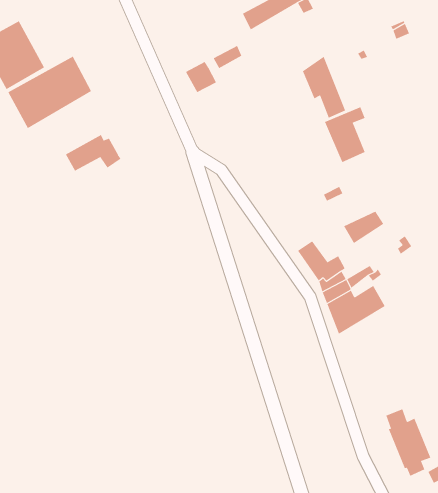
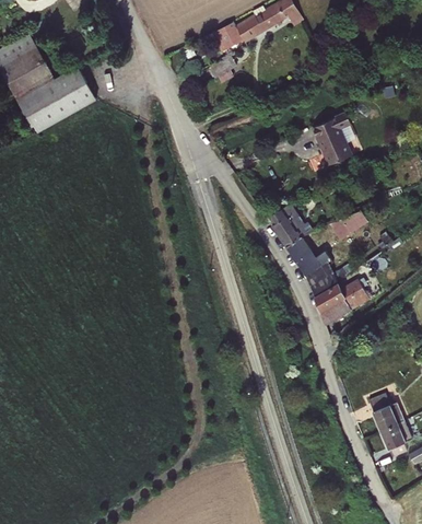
building: [302,56,346,119] -> none
building: [185,61,217,93] -> [213,21,243,50]
building: [65,134,121,171] -> none
building: none -> [268,206,307,247]

